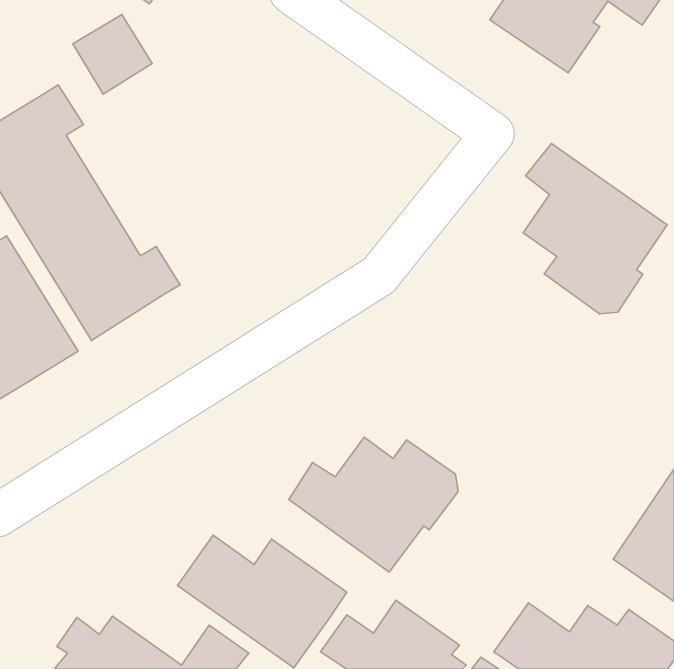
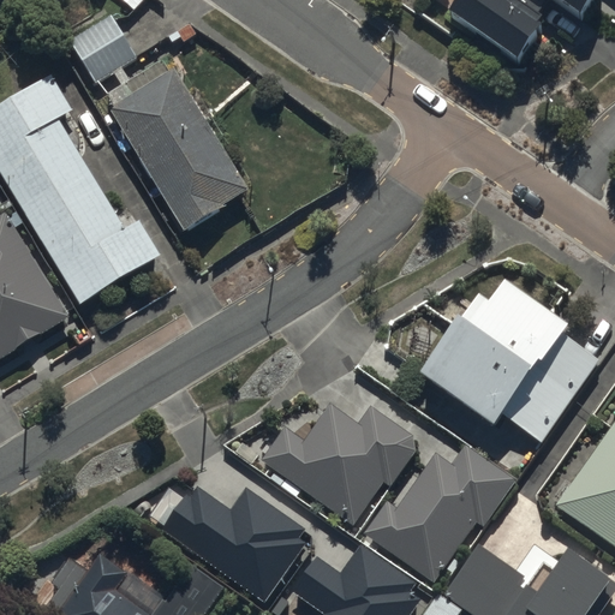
building: none -> [111,71,250,233]
building: [523,143,667,314] -> none
building: none -> [428,283,596,444]
building: none -> [364,440,515,578]

